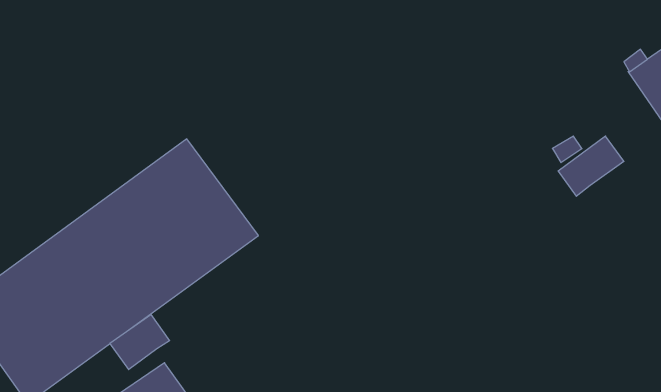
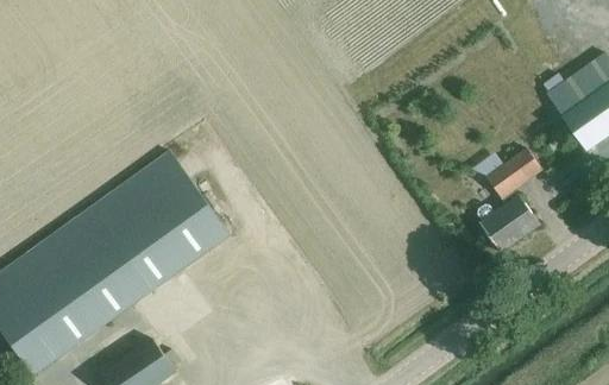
building: none -> [477,189,539,252]
building: [110,315,170,370] -> none

